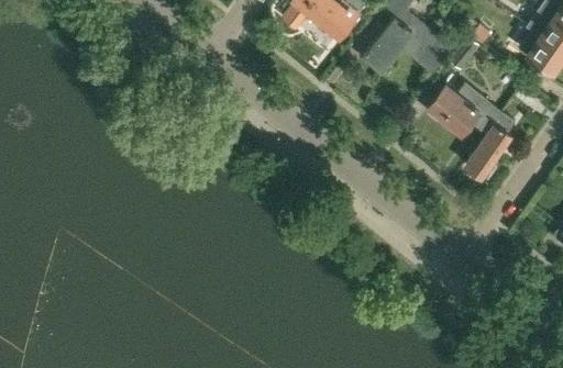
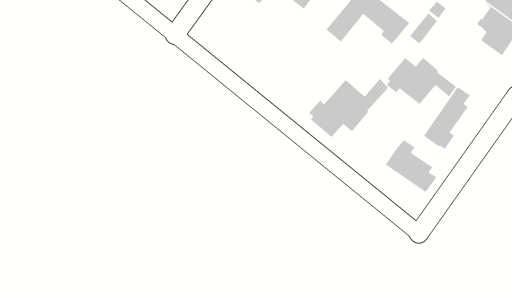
building: none -> [309,78,389,138]
building: none -> [385,139,437,193]

